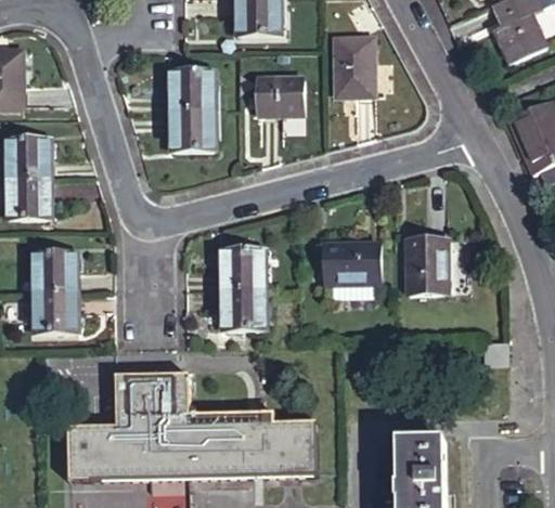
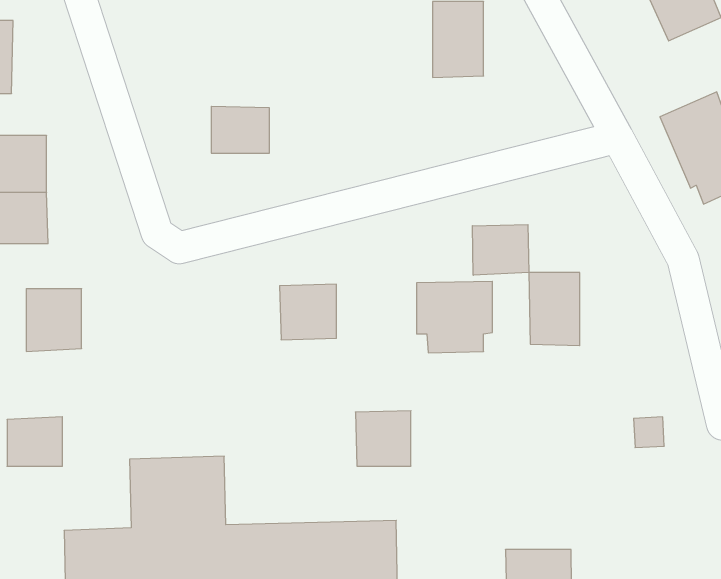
building: [171,67,215,115] -> none
building: [258,75,304,110] -> none
building: none -> [472,225,529,275]
building: [223,286,264,327] -> [355,411,411,466]
building: [34,294,75,330] -> [7,417,62,466]

